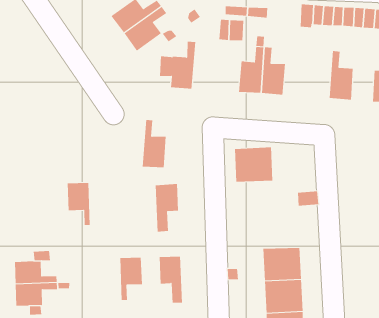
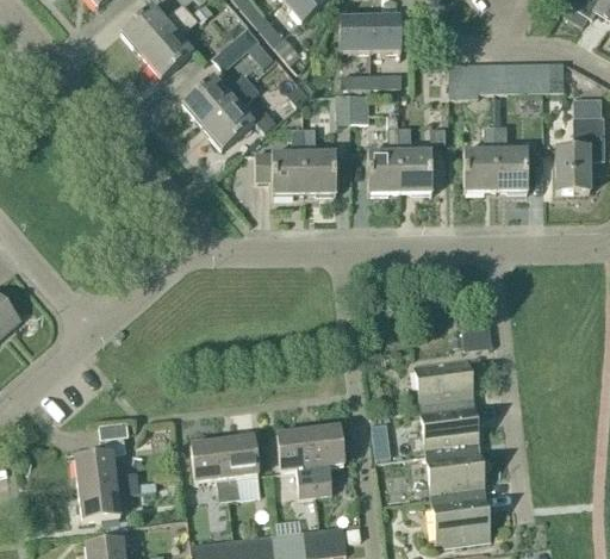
building: none -> [463,125,496,193]
building: [142,120,166,168] -> [304,129,336,195]
building: [234,147,273,182] -> [415,356,473,410]
building: [67,183,91,226] -> [191,440,229,501]
building: [155,184,179,232] -> [307,426,344,496]

